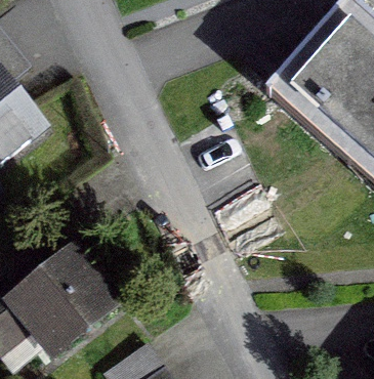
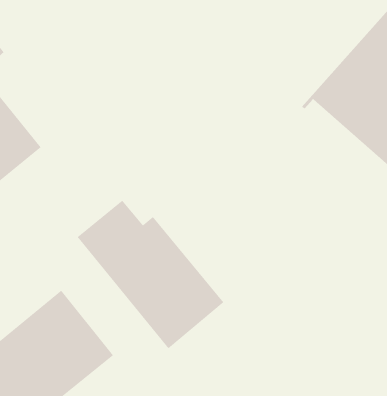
building: none -> [77,200,224,349]

